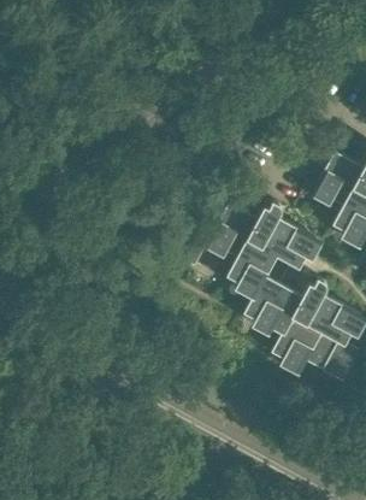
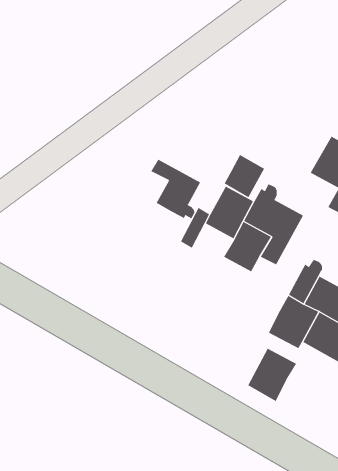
building: none -> [224,154,265,198]
building: none -> [150,159,201,219]
building: [244,277,303,335] -> none
building: none -> [247,348,297,402]

